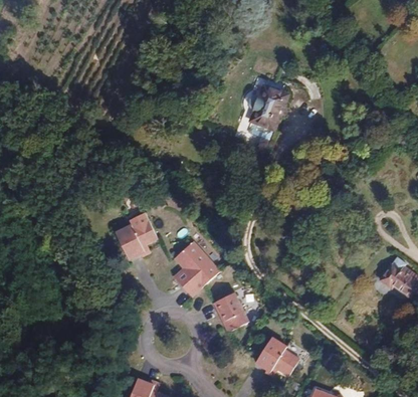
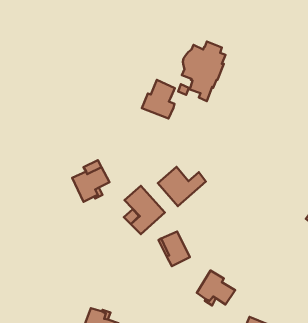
building: none -> [142,80,175,119]
building: none -> [158,167,206,206]

